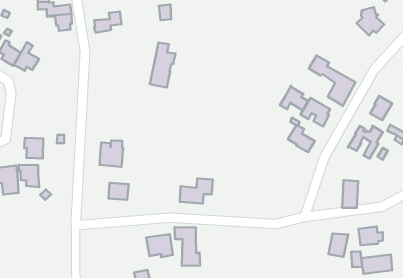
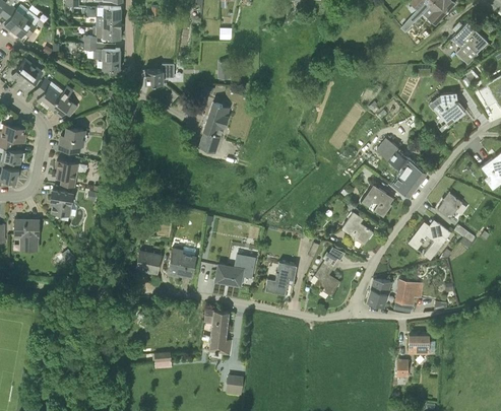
building: none -> [58,127,83,152]
building: [280,86,308,110] -> none
building: [99,140,123,167] -> [167,247,195,277]
building: none -> [314,252,338,295]
building: [19,165,39,187] -> [55,160,77,188]
building: none -> [264,262,296,295]
building: [329,234,348,257] -> [366,278,390,305]
building: [146,234,173,257] -> none
building: [361,255,392,274] -> none

